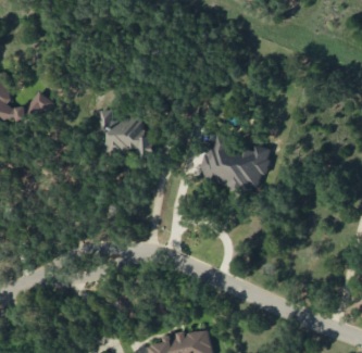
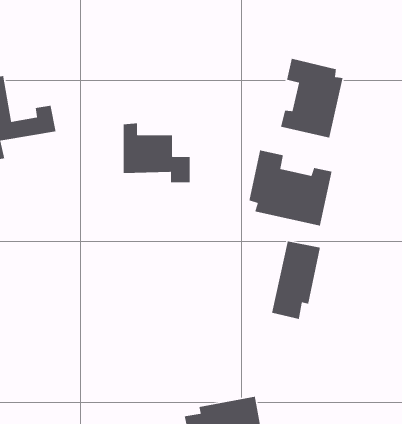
building: none -> [280,58,343,138]
building: none -> [271,240,321,320]

